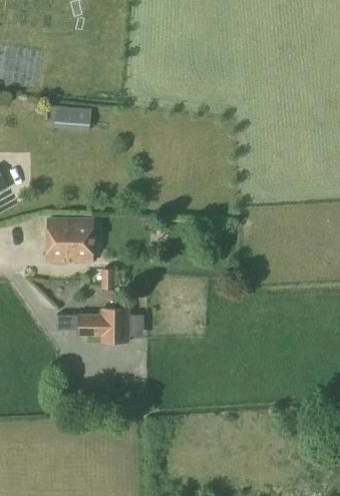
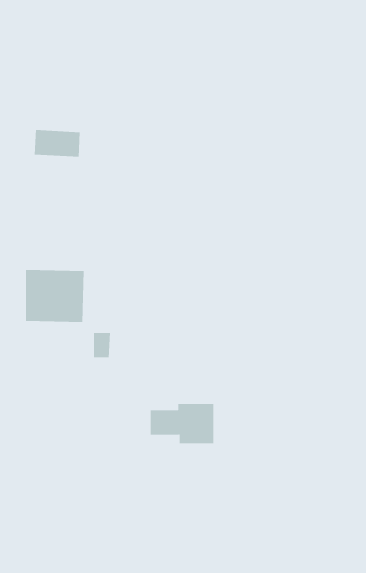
building: [78,309,129,341] -> [150,403,214,444]

